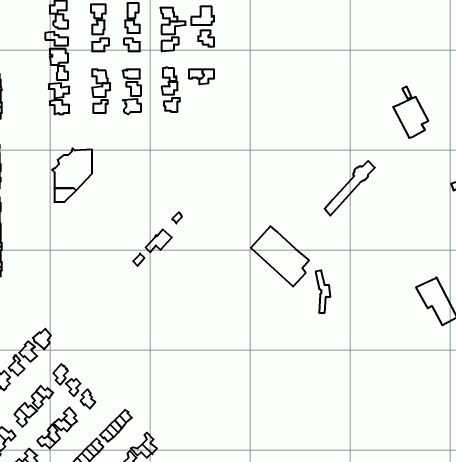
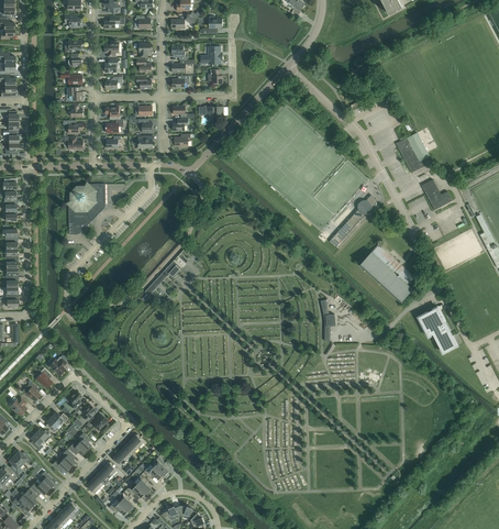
building: none -> [422,179,452,210]
building: [251,226,309,287] -> [359,244,415,302]

